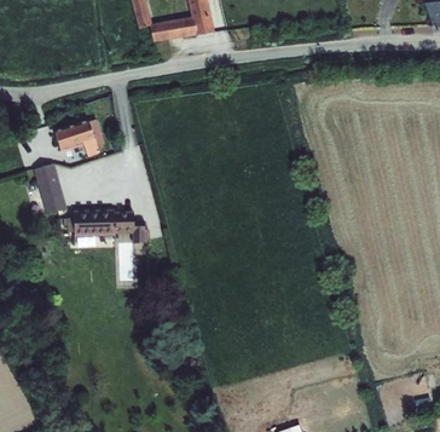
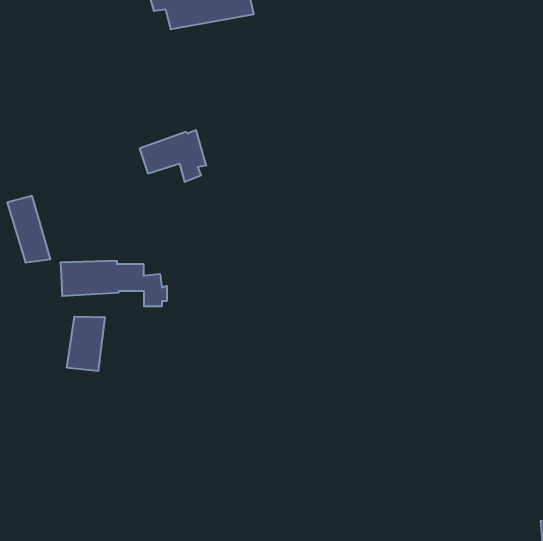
building: [56,117,104,155] -> [140,130,206,182]
building: none -> [67,317,105,371]

